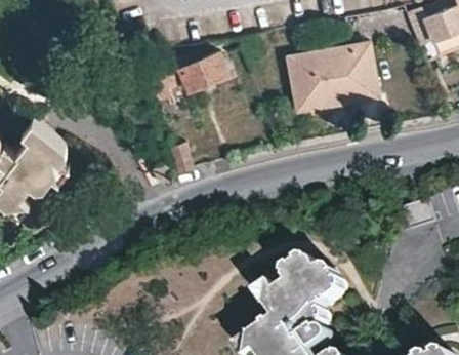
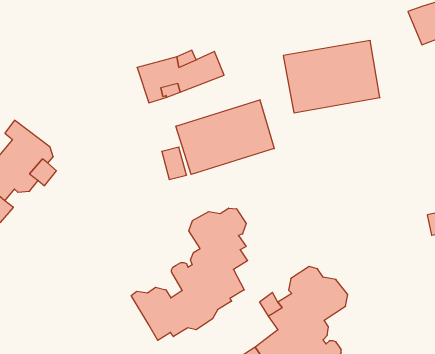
building: none -> [176,100,274,174]
building: none -> [131,208,248,340]

